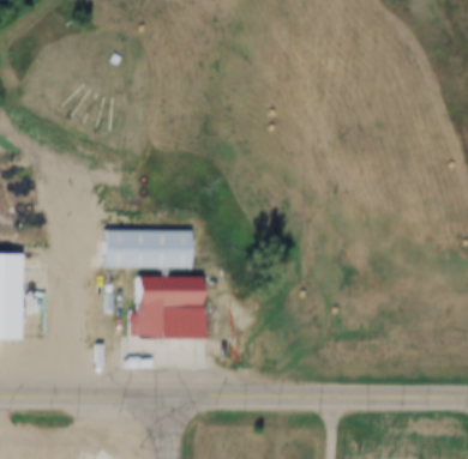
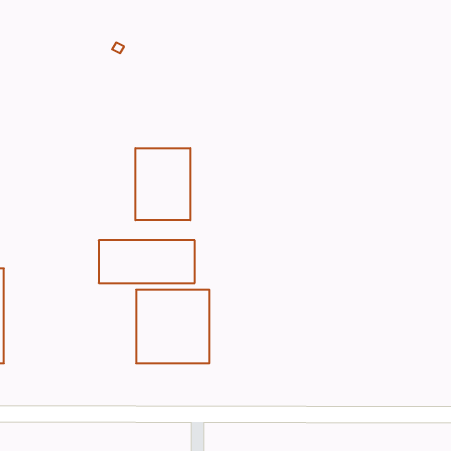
building: none -> [135,148,190,220]

